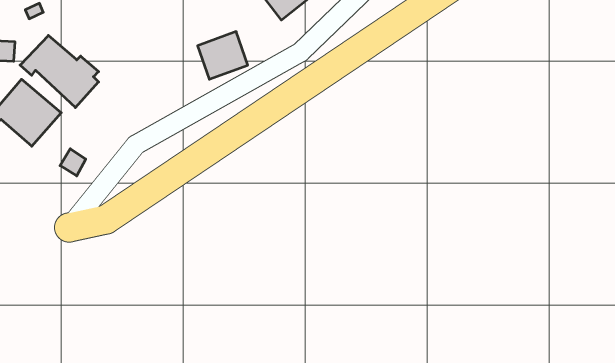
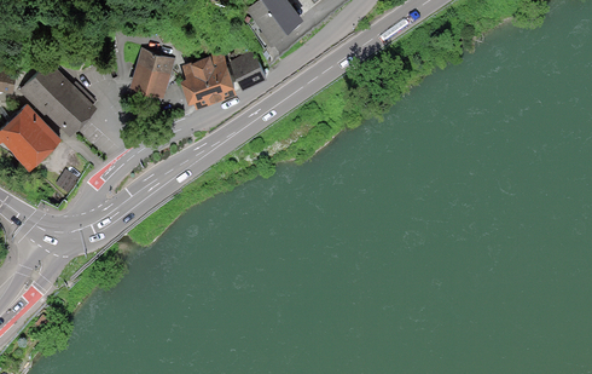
building: none -> [132,45,170,96]
building: none -> [231,53,263,86]

